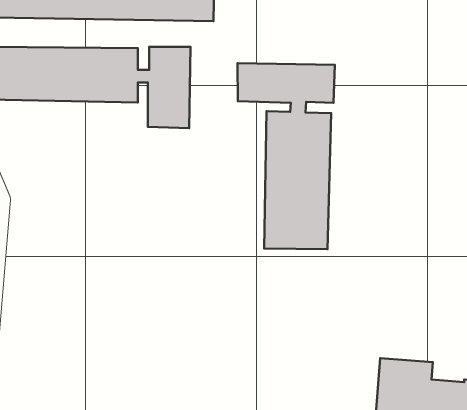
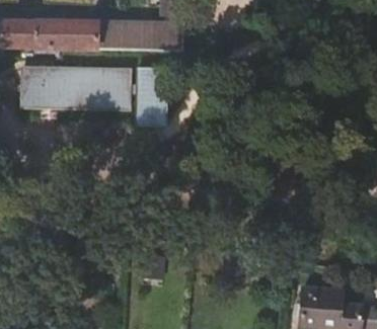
building: [238,63,335,249] -> none

